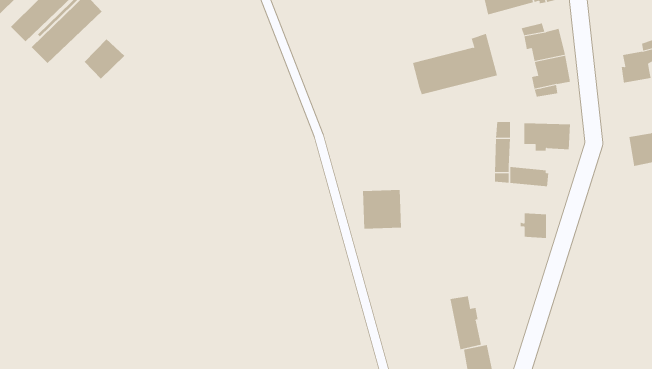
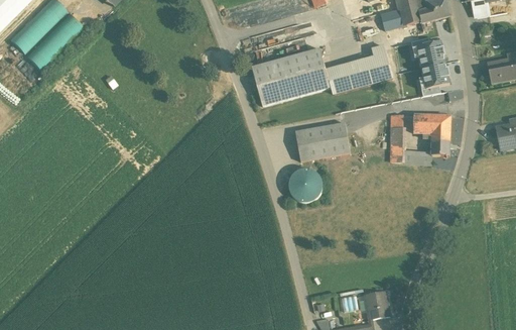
building: [84,38,125,79] -> none
building: none -> [252,48,331,105]
building: none -> [293,122,349,160]
building: [520,213,547,238] -> [428,135,449,155]
building: [450,296,482,350] -> none

